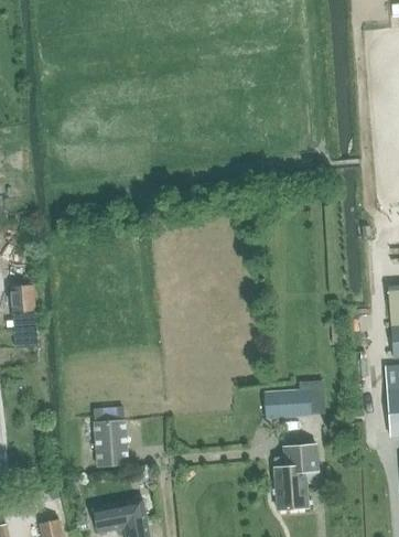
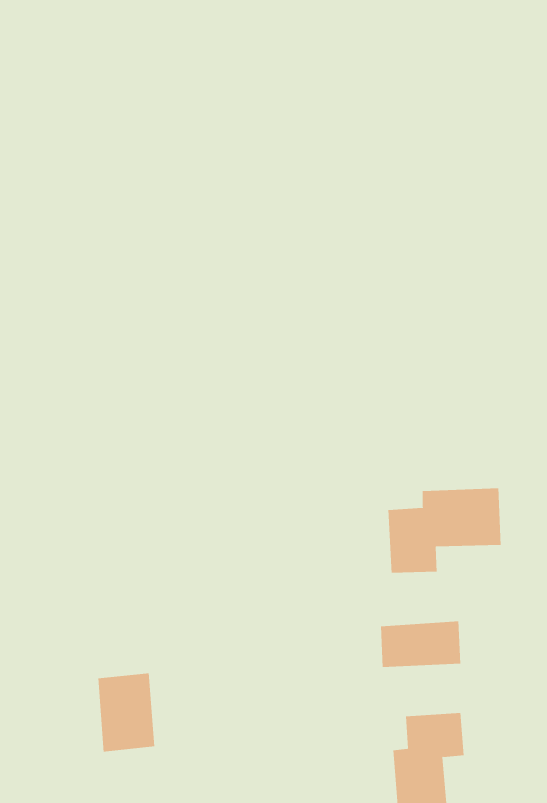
building: none -> [388,487,501,573]

